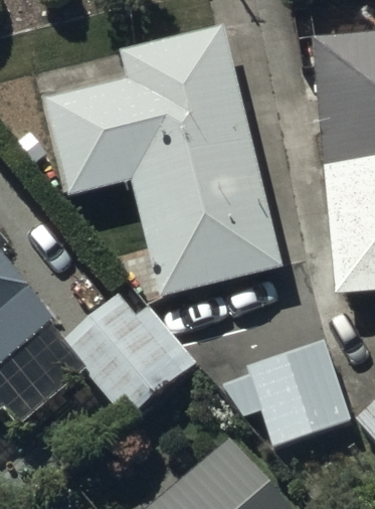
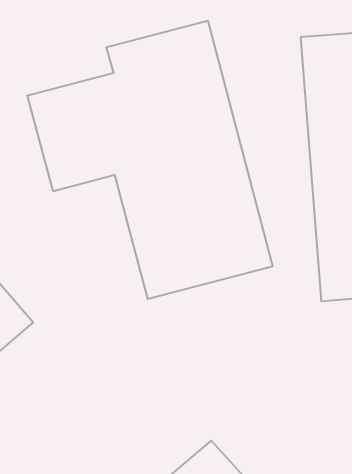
building: [59,282,196,417] -> none
building: [228,346,353,445] -> none

